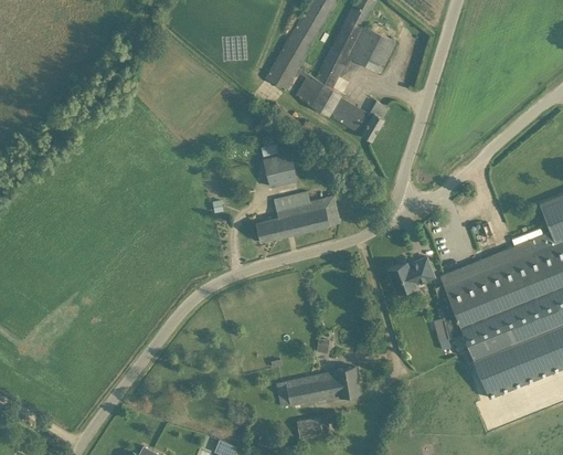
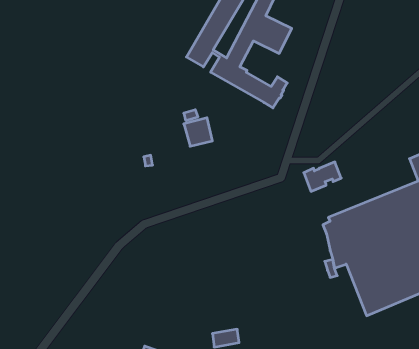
building: [255,191,340,242] -> none
building: [387,256,434,293] -> [304,162,341,191]
building: [277,366,360,406] -> none

